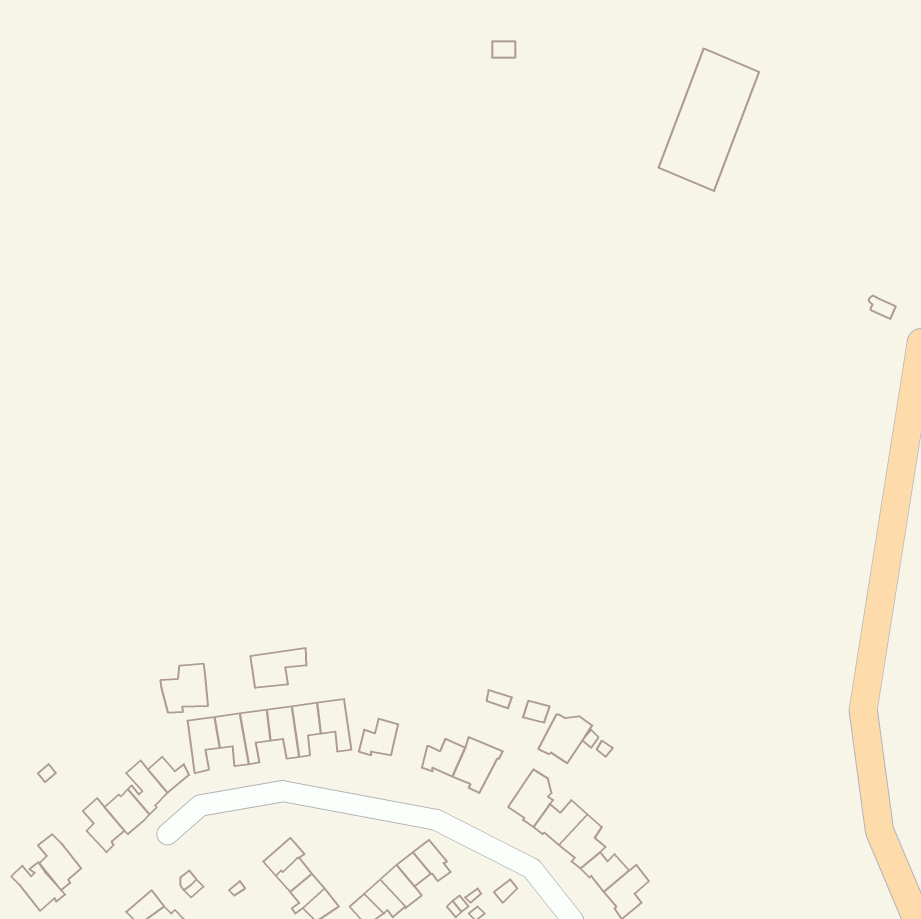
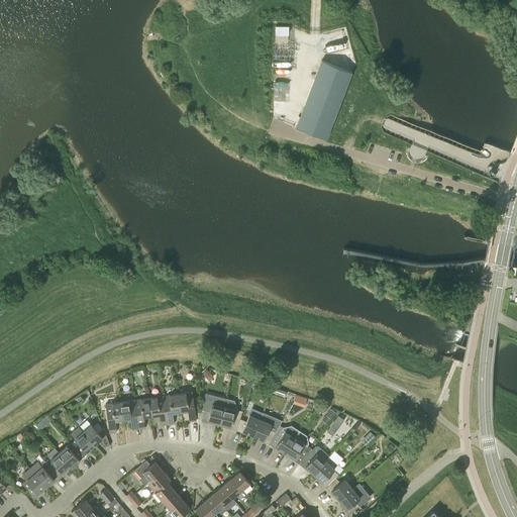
building: [658,49,759,191] -> [296,61,352,140]
building: [251,648,306,688] -> none
building: [161,664,208,713] -> none
building: none -> [219,400,241,431]
building: [538,715,592,763] -> [269,426,299,453]
building: none -> [134,459,163,486]
building: [11,862,65,911] -> [29,460,60,488]

